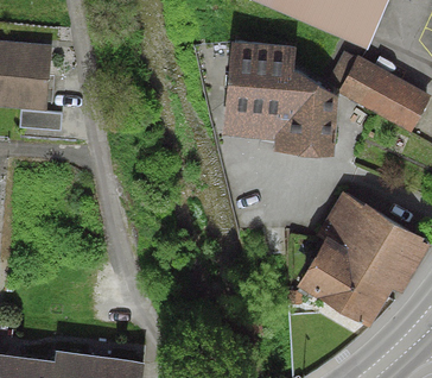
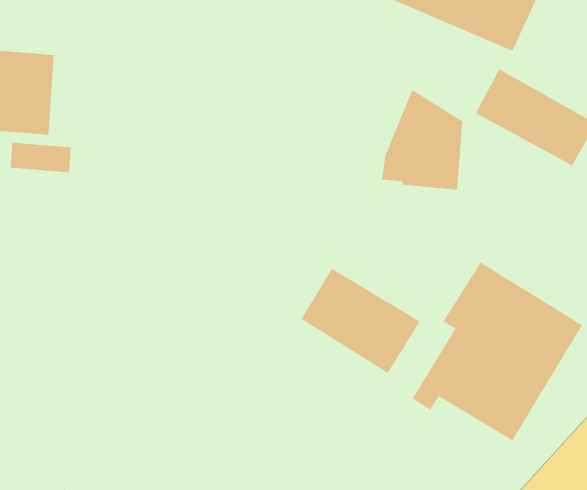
building: [210,42,301,120] -> none
building: none -> [301,268,420,374]

